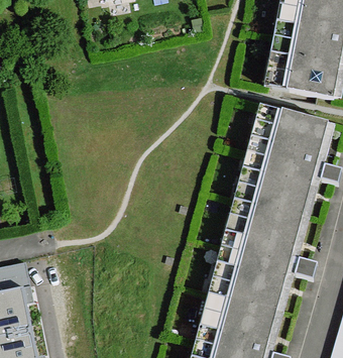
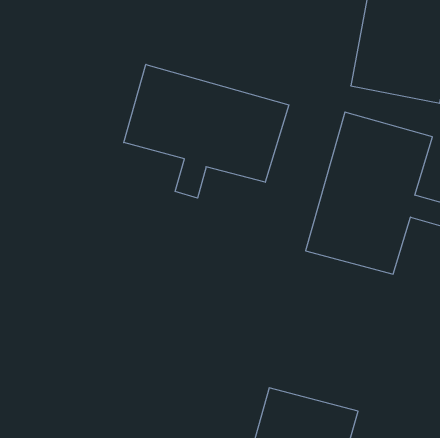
building: none -> [124,64,289,198]
building: [217,200,319,311] -> none

